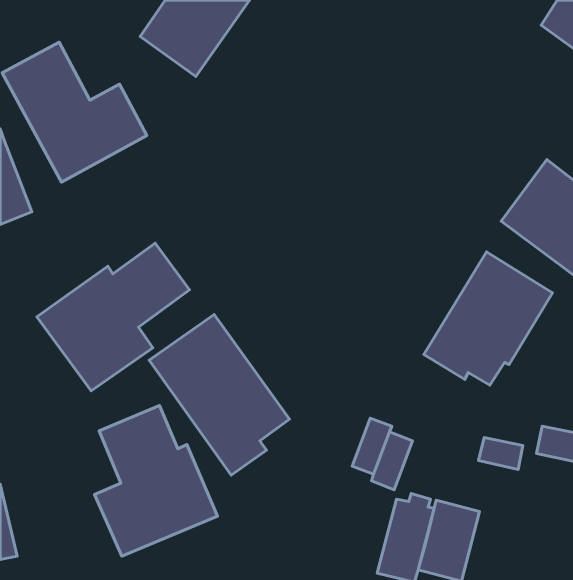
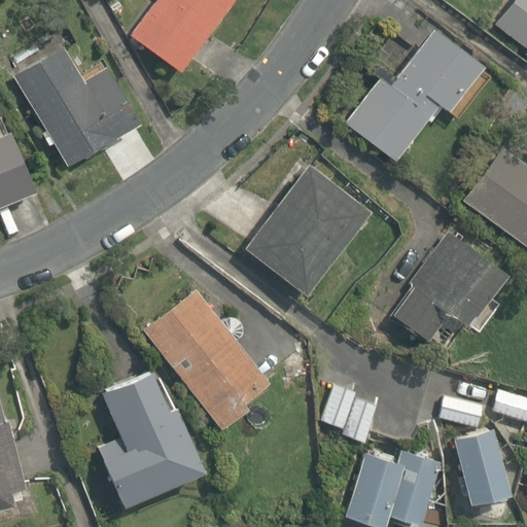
building: none -> [345,23,489,162]
building: none -> [243,168,367,298]
building: [37,243,190,391] -> none
building: none -> [450,427,506,505]

